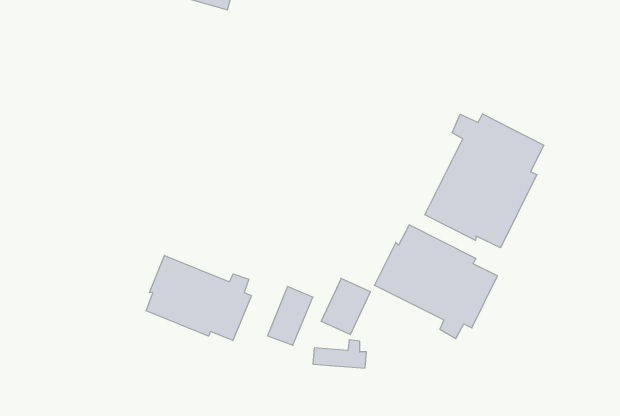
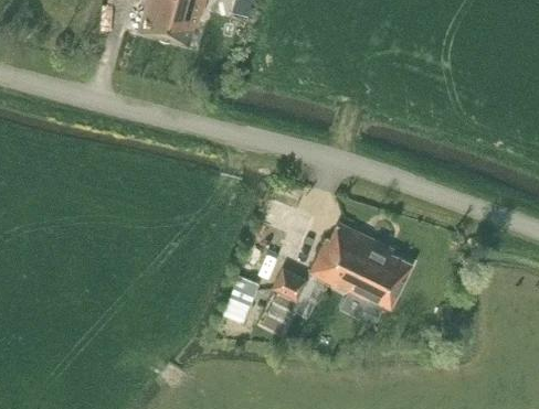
building: [425,114,544,248] -> none
building: [146,255,252,341] -> none

